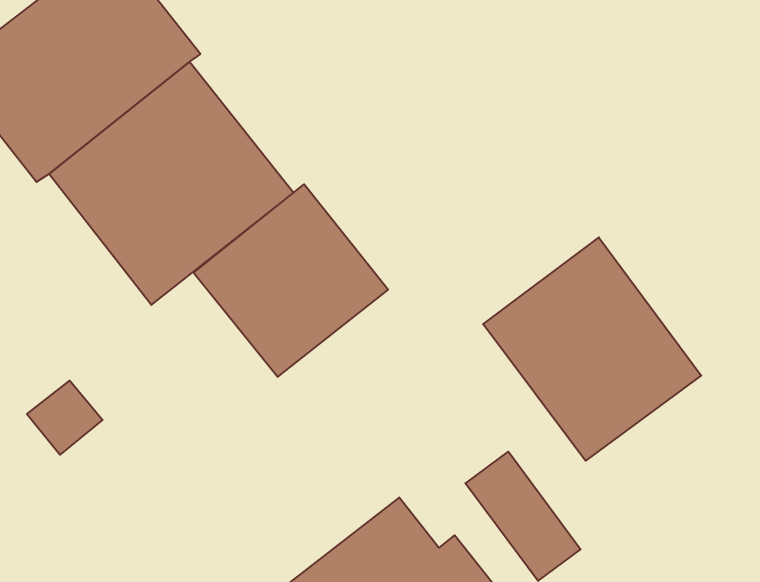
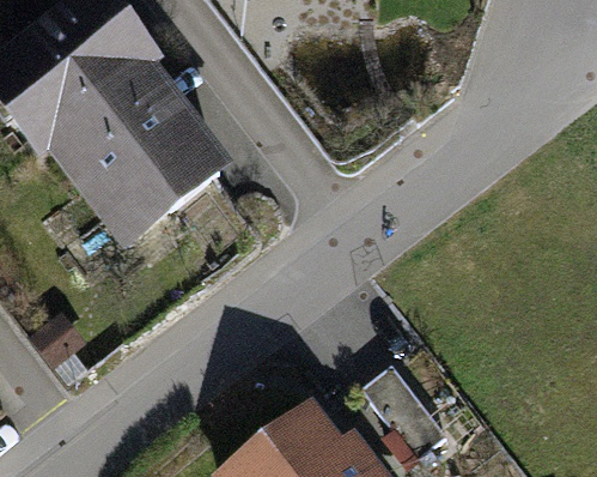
building: [194,184,388,377] -> none
building: [483,237,701,461] -> none

